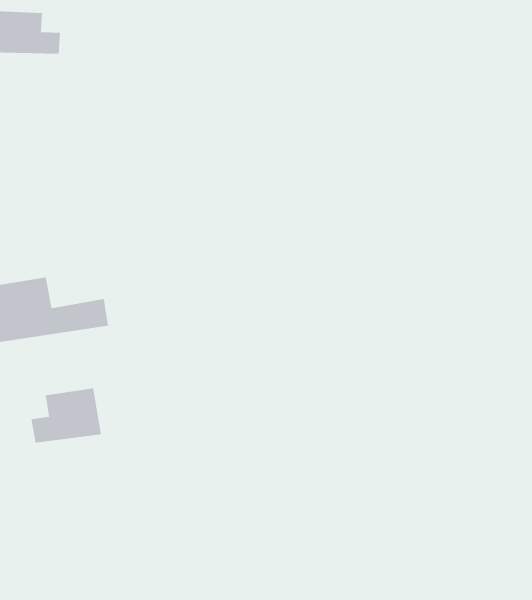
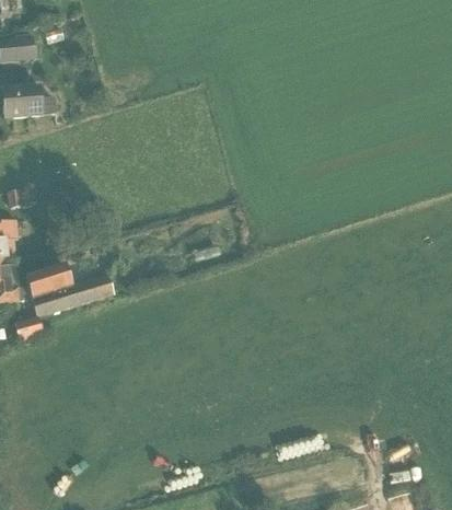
building: [31,387,102,444] -> none

